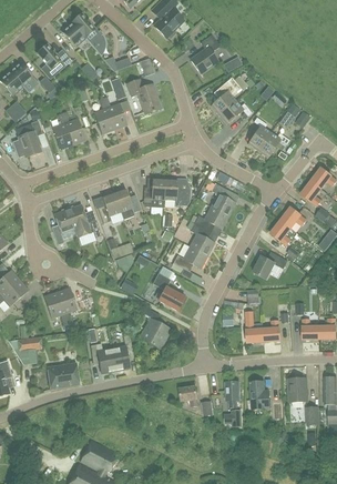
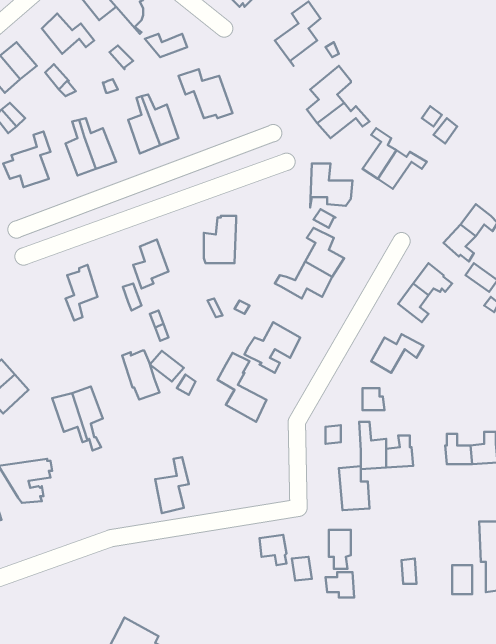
building: [163,178,191,206] -> [310,164,352,207]
building: [112,186,140,219] -> none
building: [67,204,91,236] -> [122,350,159,399]
building: [188,222,214,255] -> none
building: [140,307,171,349] -> none
building: [90,343,115,373] -> none
building: [47,362,79,389] -> none
building: [288,377,308,402] -> none
building: [249,380,269,409] -> [339,466,369,510]

